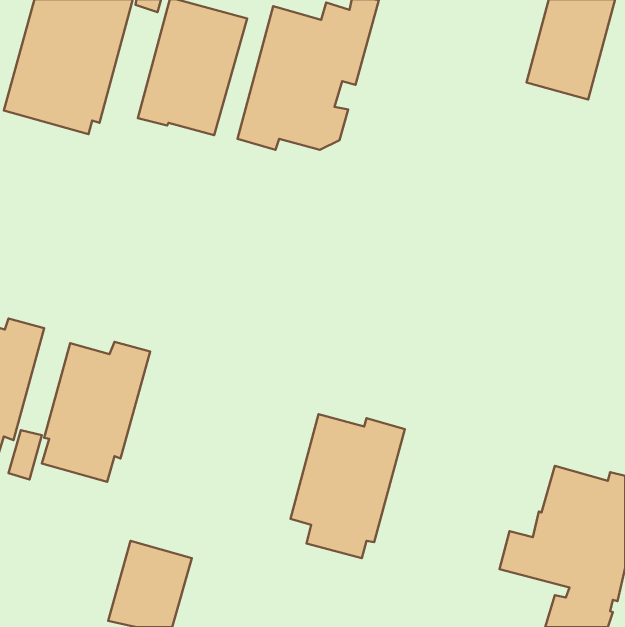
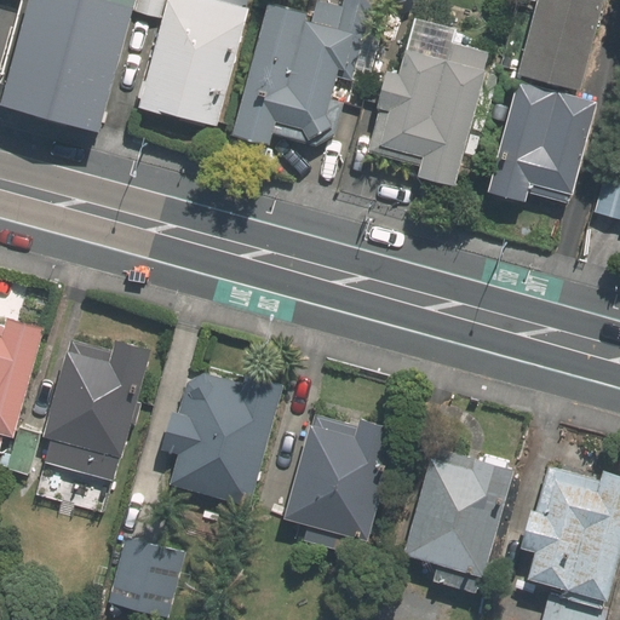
building: none -> [367,44,486,185]
building: none -> [484,87,593,208]
building: none -> [162,367,283,512]
building: none -> [406,427,515,587]

